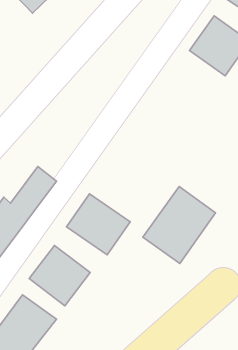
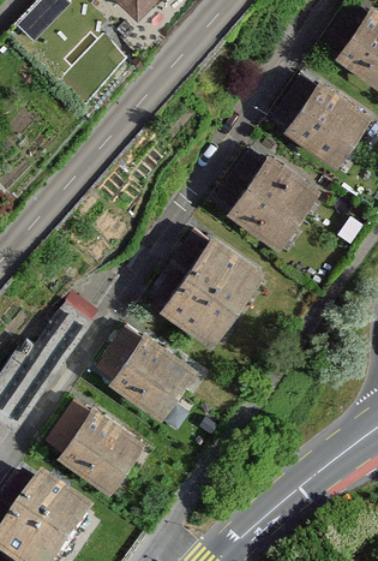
building: none -> [224,155,314,246]
building: [143,186,216,264] -> [157,234,260,344]

